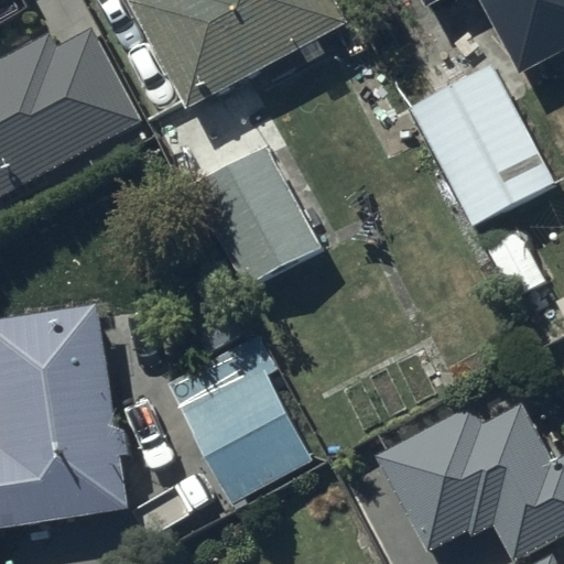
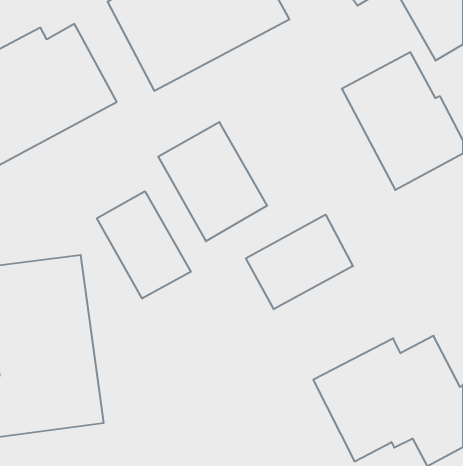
building: none -> [97,191,191,299]
building: none -> [246,215,353,309]
building: [164,332,314,505] -> none

